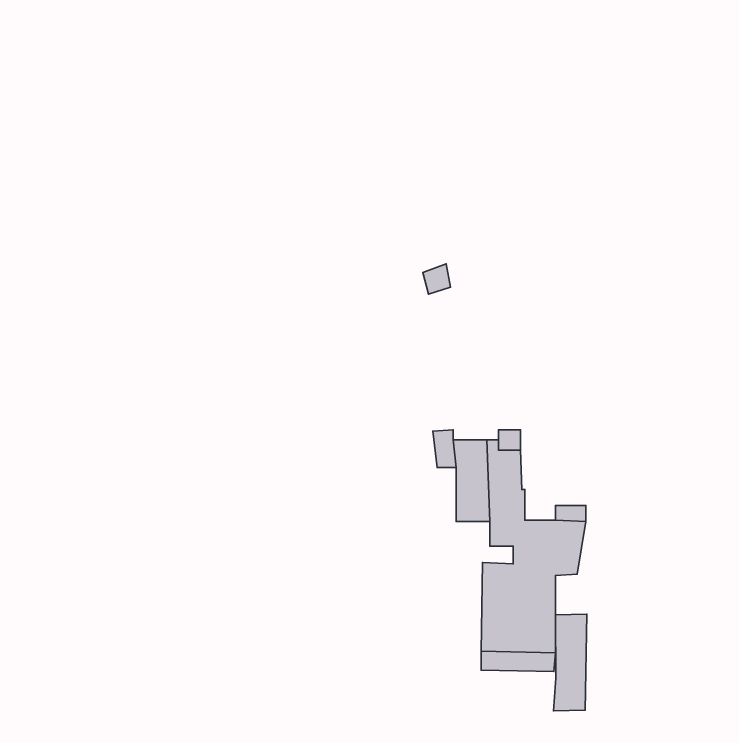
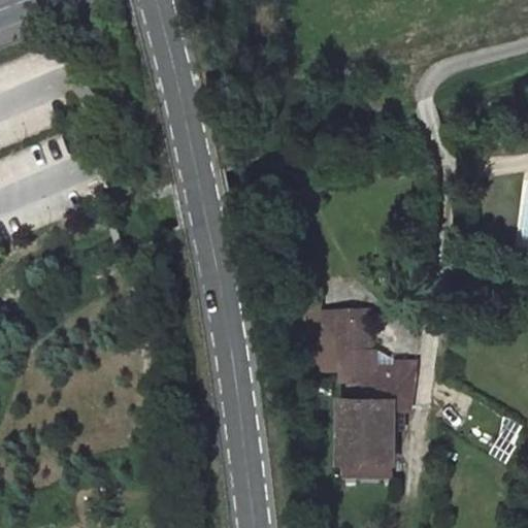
building: [553,614,587,711] -> none

